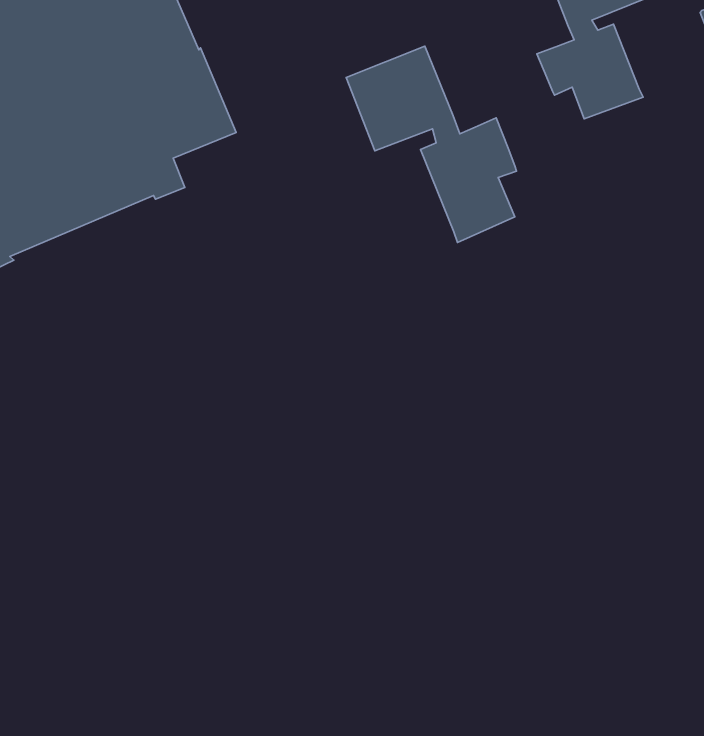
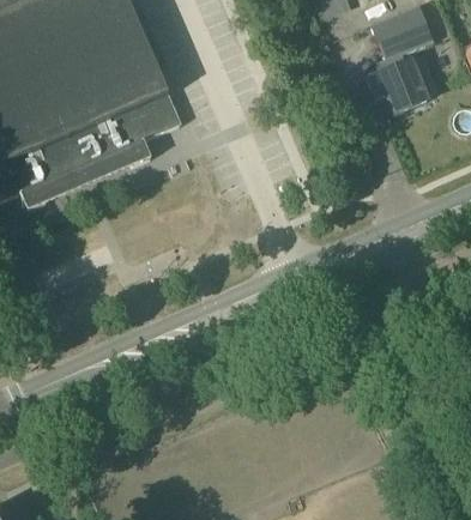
building: [346,46,516,242] -> none

